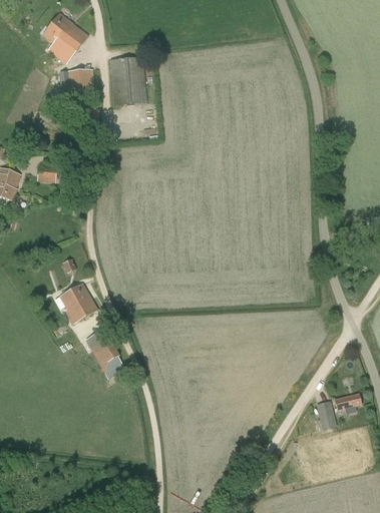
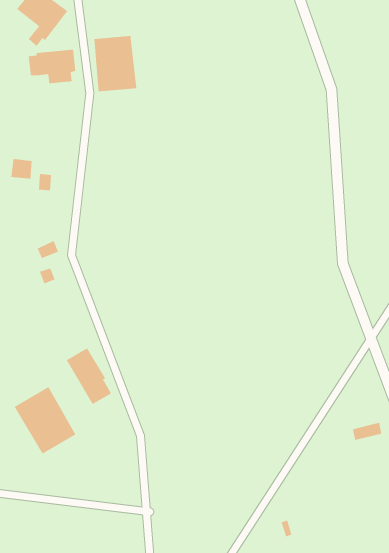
building: [60,284,97,323] -> none
building: none -> [14,386,76,455]
building: [316,400,337,429] -> none

